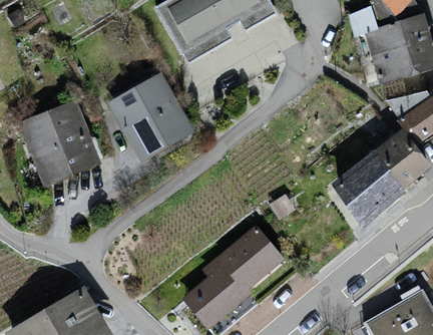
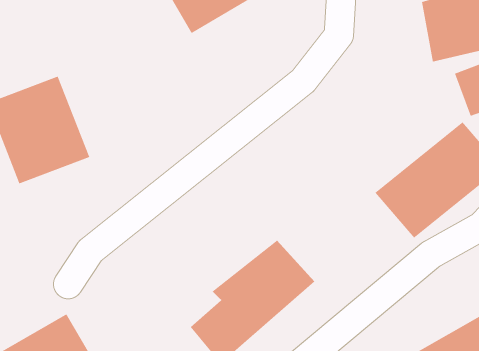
building: [106,73,190,160] -> none

